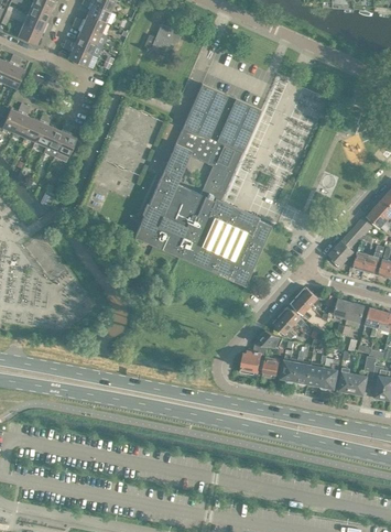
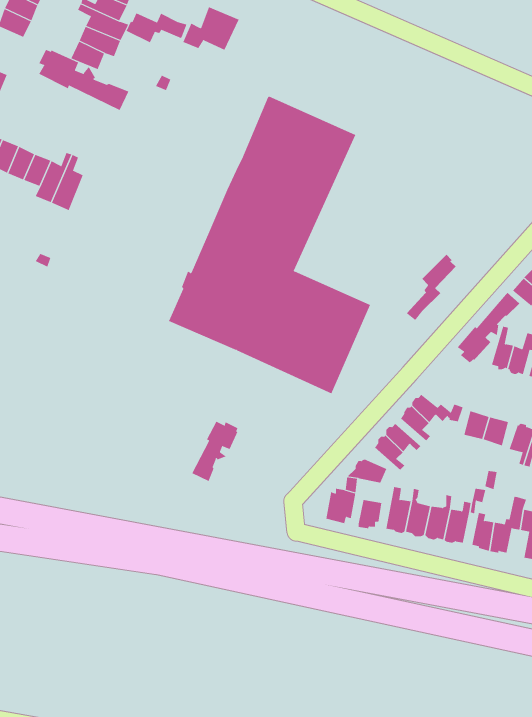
building: none -> [126,12,187,43]
building: none -> [39,49,129,111]
building: none -> [406,254,456,321]
building: none -> [191,421,238,482]

